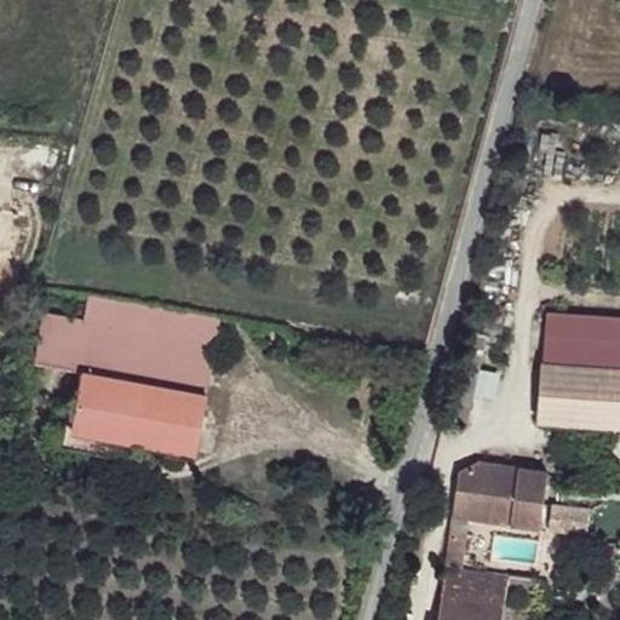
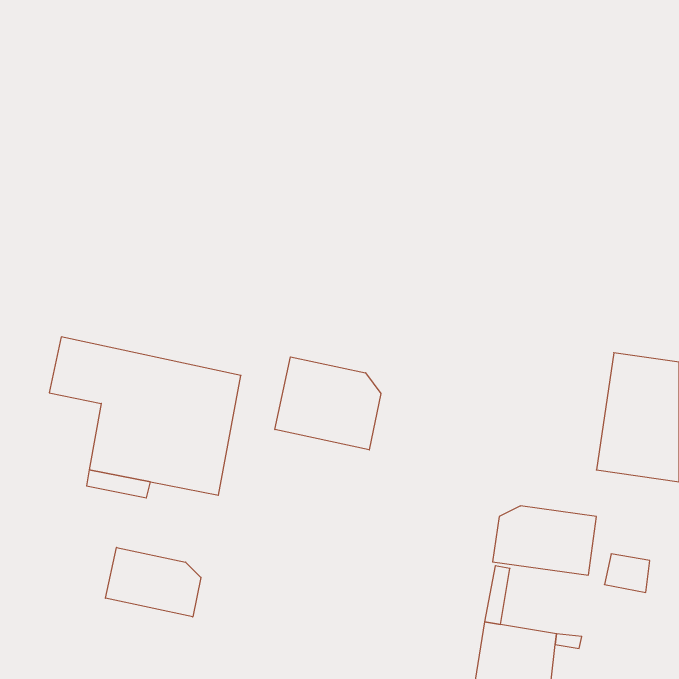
building: none -> [275,357,381,450]
building: none -> [105,547,201,617]

